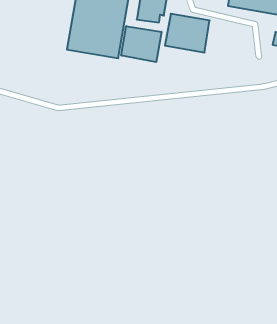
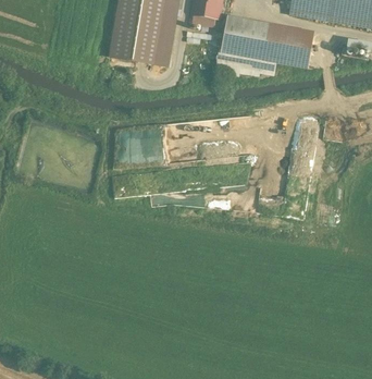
building: none -> [263,24,313,68]
building: [121,26,161,62] -> none

